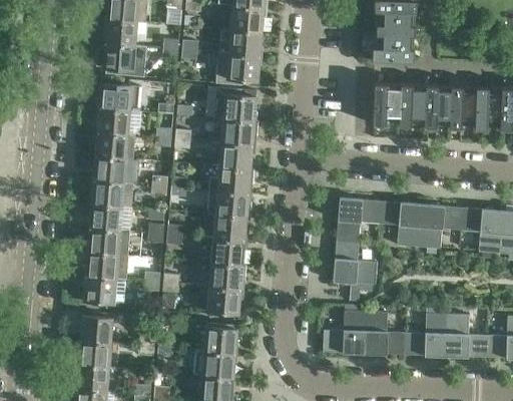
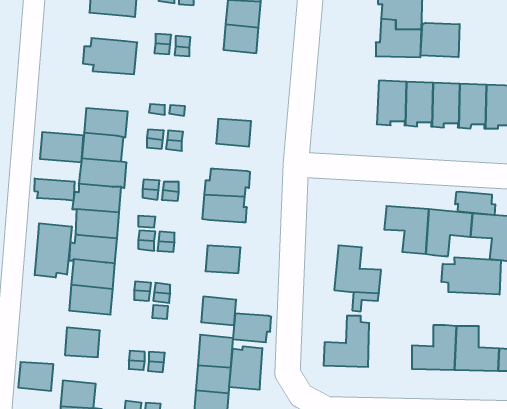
building: [100,19,137,46] -> none
building: none -> [420,23,460,57]
building: [215,52,260,86] -> none
building: [99,84,140,112] -> [40,132,84,162]
building: [213,88,256,121] -> none
building: [219,142,252,168] -> none
building: none -> [35,178,75,201]
building: none -> [455,192,495,215]
building: [337,198,382,241] -> none
building: [213,215,246,241] -> none
building: none -> [35,223,72,278]
building: none -> [441,257,501,295]
building: [209,263,245,290] -> [233,314,271,342]
building: [365,312,406,355] -> none
building: none -> [229,346,262,390]
building: [77,342,110,369] -> [18,362,53,391]

